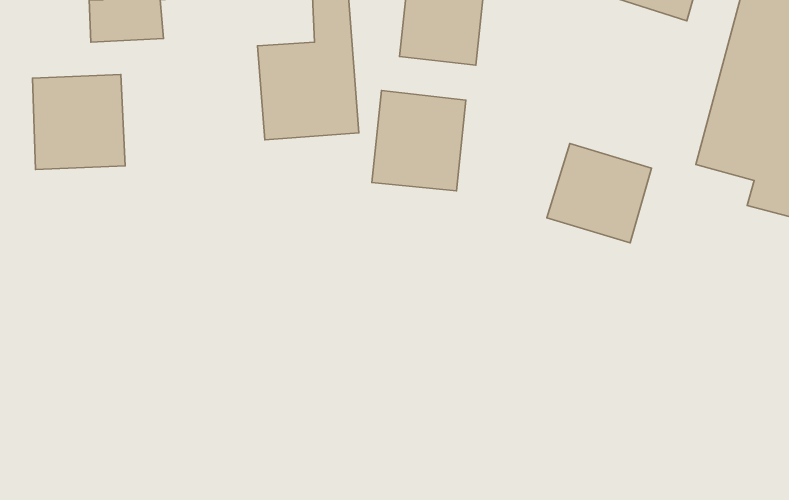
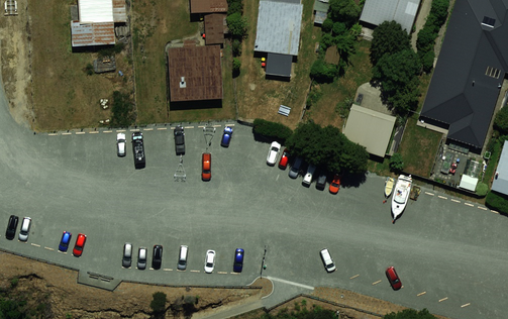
building: [32,74,125,169] -> none
building: [372,90,466,191] -> none

